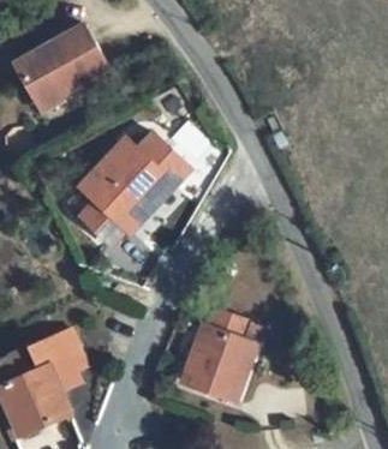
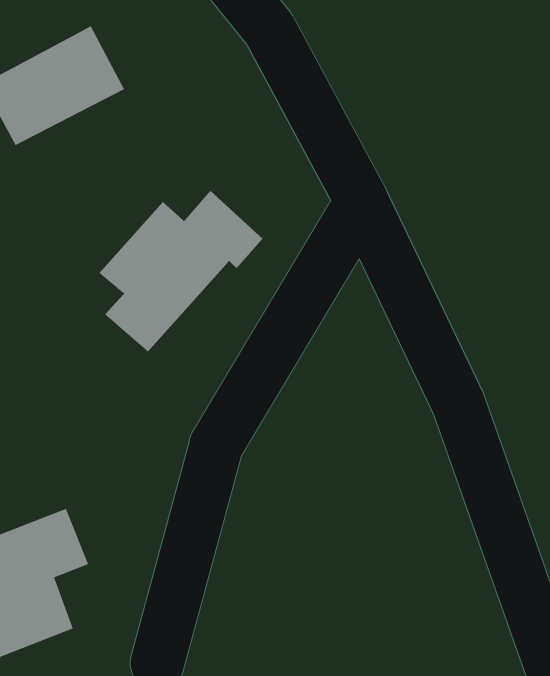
building: [186,310,259,399] -> none

